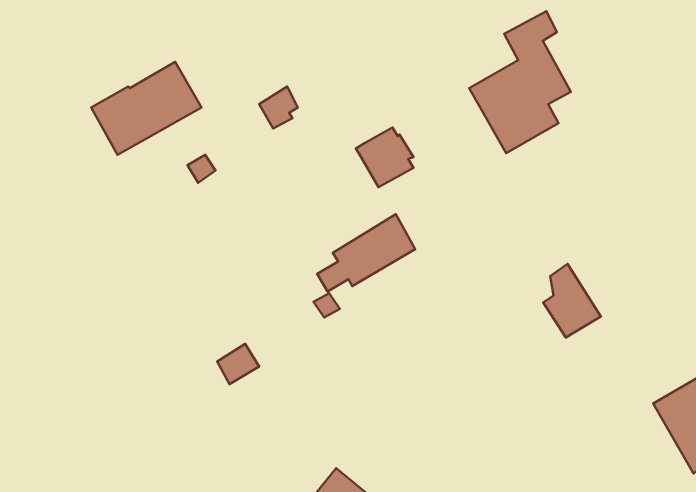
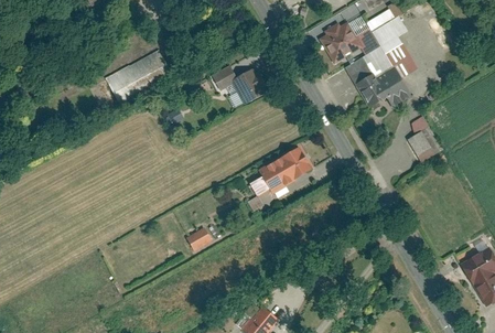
building: none -> [312,18,358,62]
building: [356,127,413,187] -> [230,67,267,105]
building: [543,264,601,337] -> [407,116,443,162]

